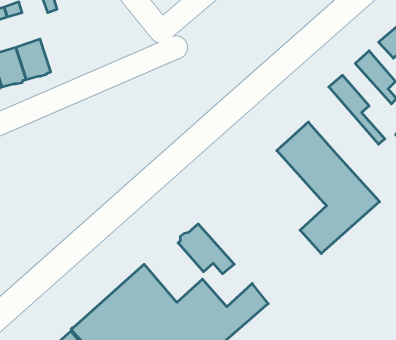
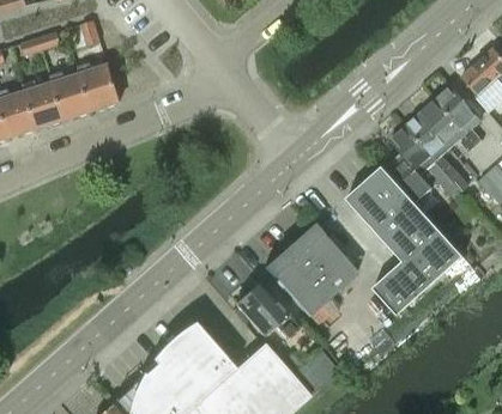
building: none -> [79,65,119,110]
building: none -> [421,101,476,152]
building: none -> [386,127,461,203]
building: none -> [262,223,356,316]

